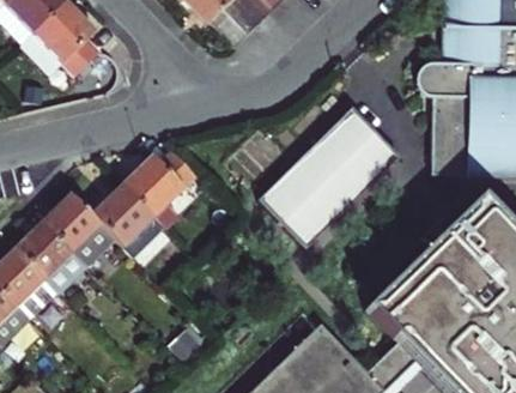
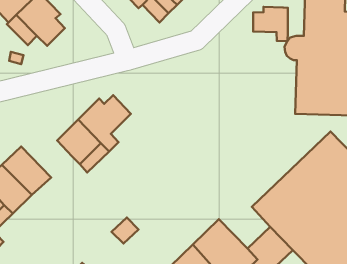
building: none -> [253,7,288,41]
building: [260,108,396,243] -> none
building: [40,191,113,265] -> none

